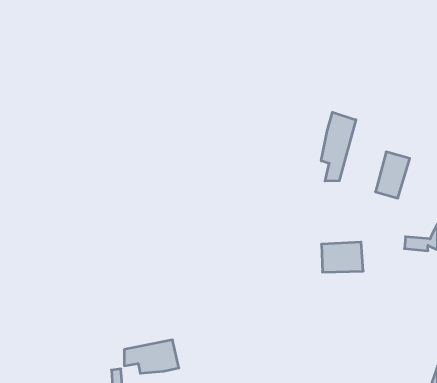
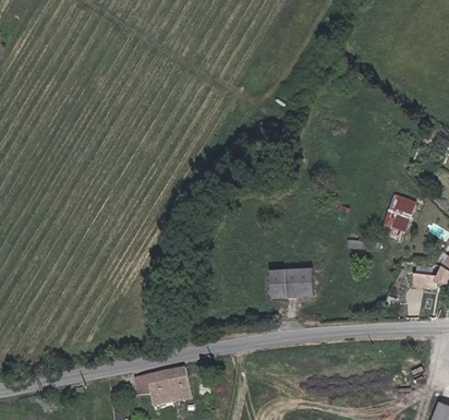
building: [321,112,356,181] -> none
building: [321,242,363,272] -> [271,266,314,297]

